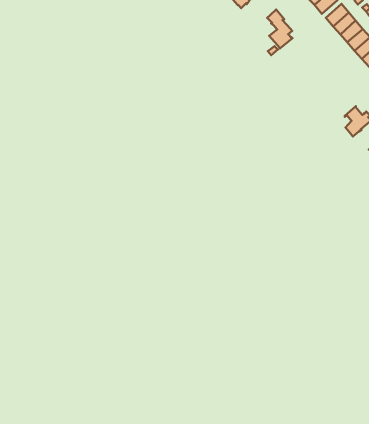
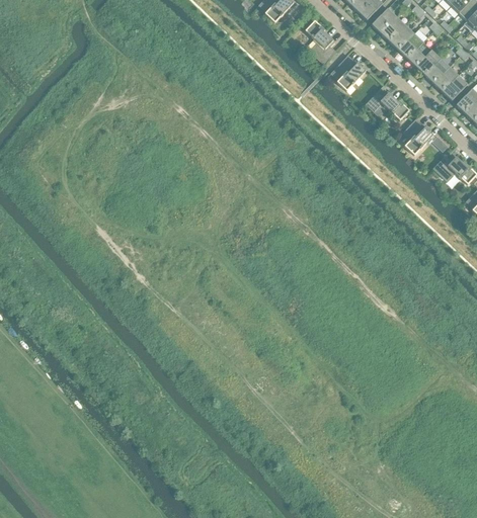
building: none -> [331,57,366,90]
building: none -> [366,91,409,119]

